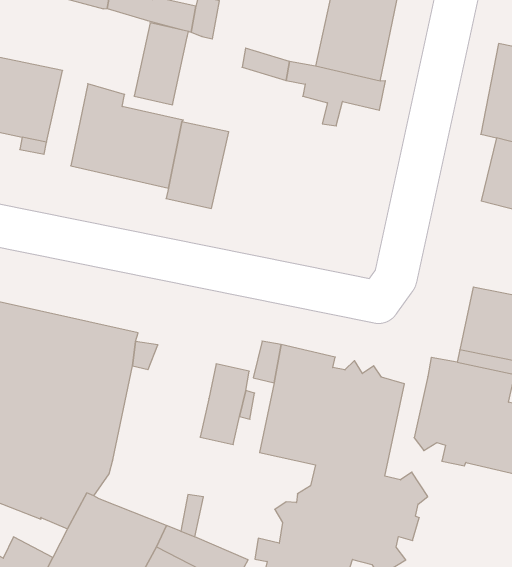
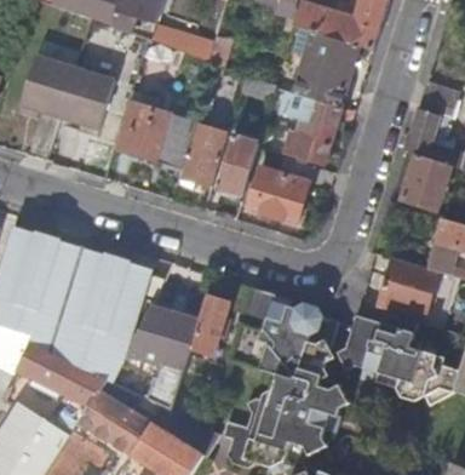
building: [134,23,189,105] -> [216,135,258,194]
building: none -> [285,118,335,162]
building: none -> [247,167,309,223]
building: none -> [139,307,197,368]

